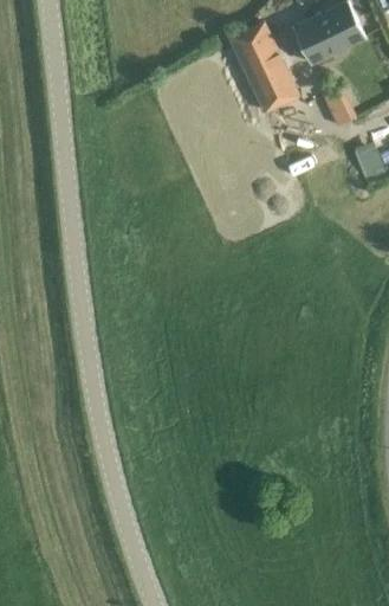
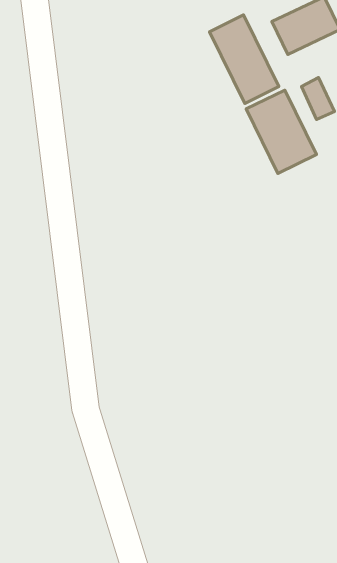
building: none -> [246,90,317,173]

